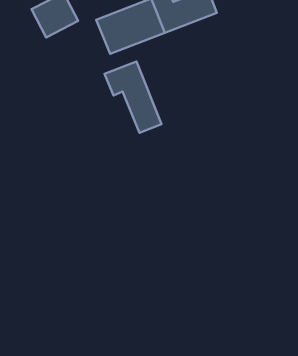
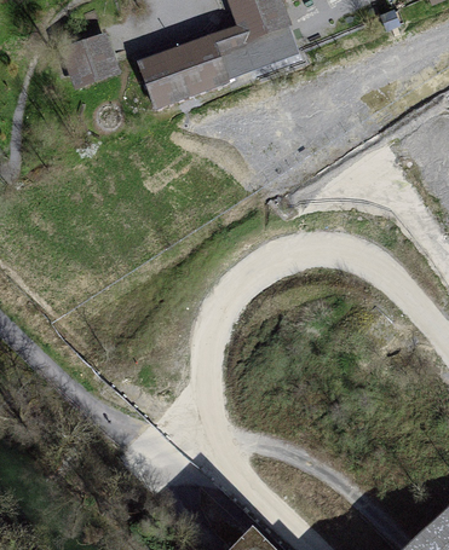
building: [104,62,161,133] -> none

